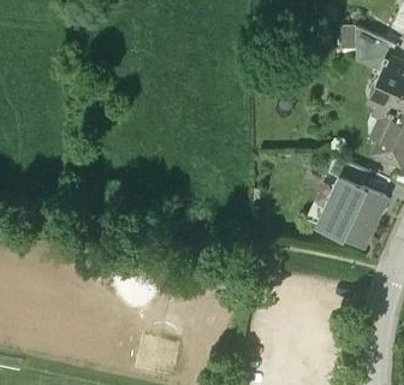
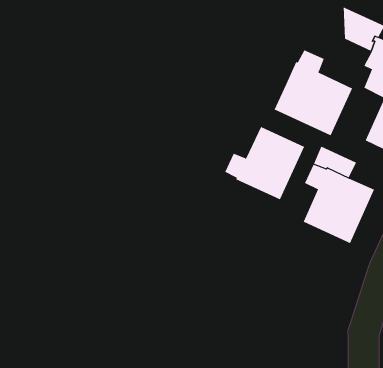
building: none -> [274,49,353,136]
building: none -> [225,126,305,200]

